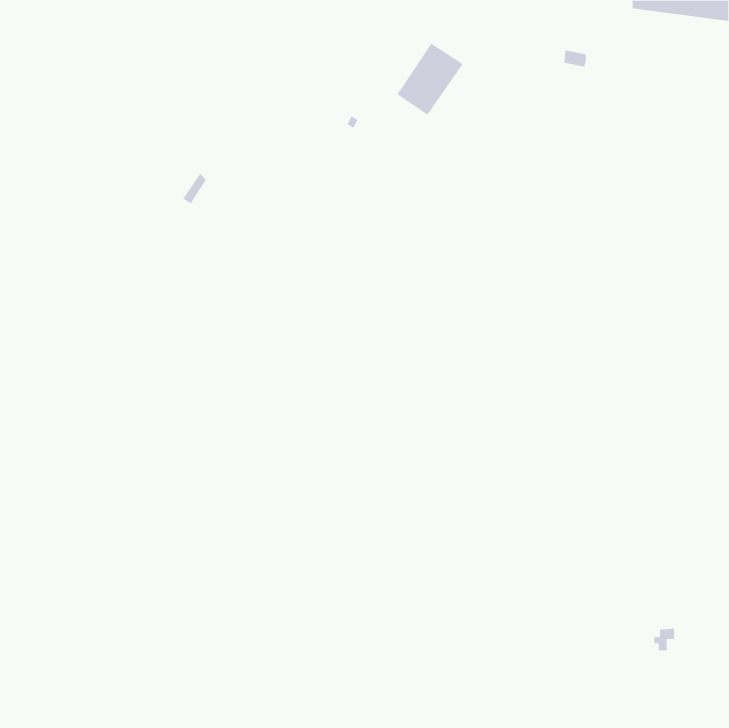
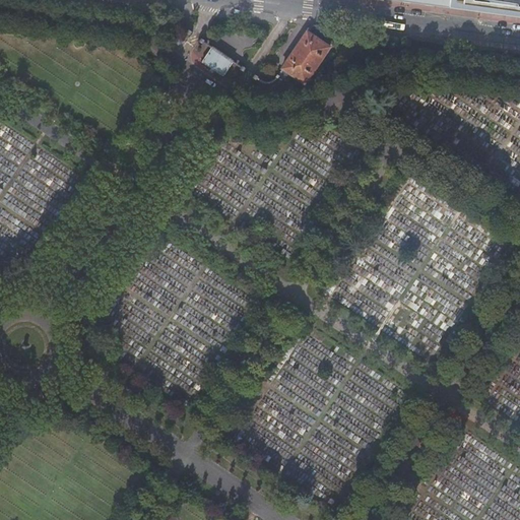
building: none -> [202,46,233,74]

